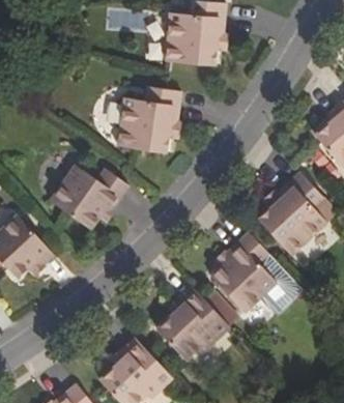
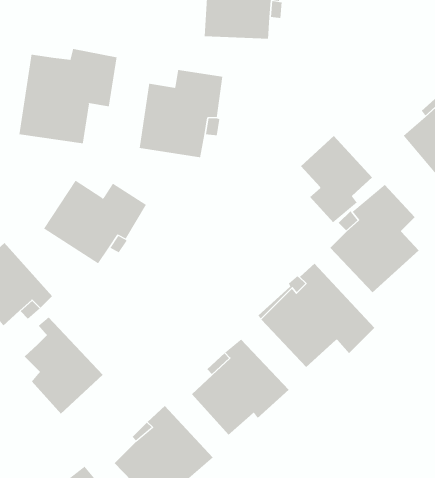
building: none -> [19,48,117,144]
building: none -> [300,135,373,223]
building: none -> [24,316,104,414]

